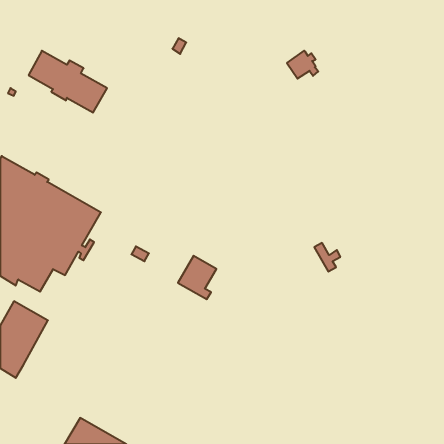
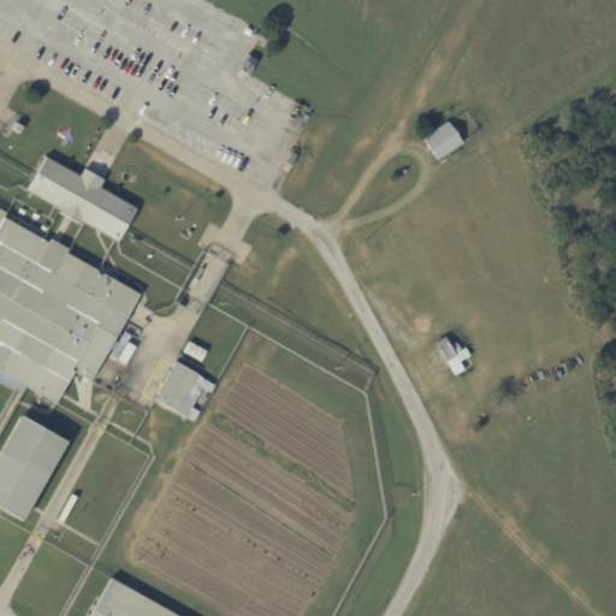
building: [287,51,318,79] -> [425,120,468,159]
building: [29,51,107,113] -> [28,155,136,241]
building: [178,256,216,299] -> [155,361,208,421]

